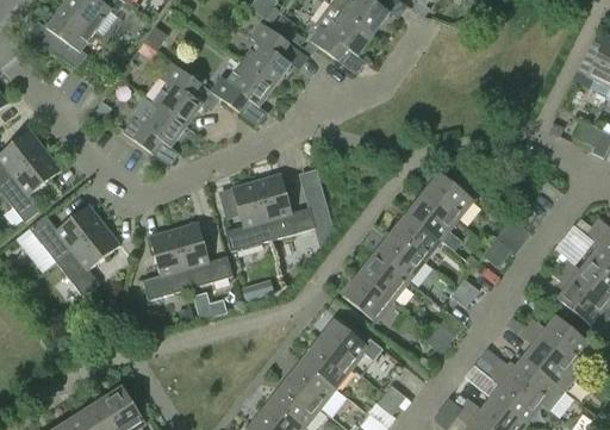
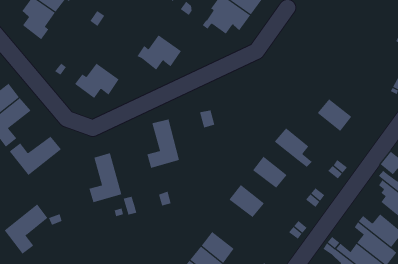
building: [241,23,290,85] -> none
building: [152,63,217,125] -> none
building: [422,173,472,220] -> [317,98,352,132]
building: [256,174,315,239] -> none
building: [390,213,440,261] -> none
building: [173,223,232,288] -> none
building: [56,224,119,297] -> [4,204,48,255]
building: [357,254,409,301] -> none
building: [317,319,382,366] -> none

